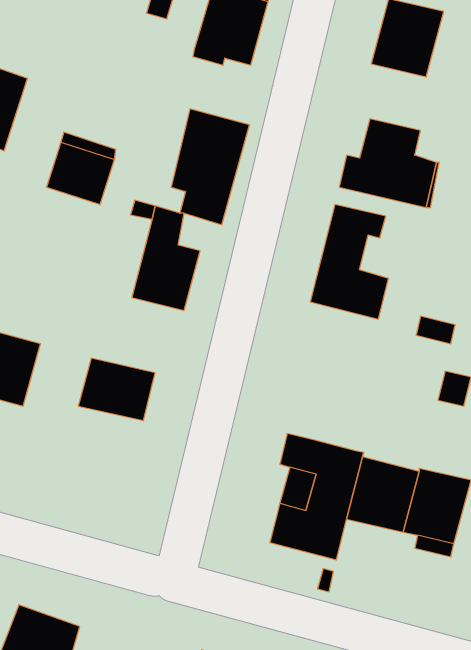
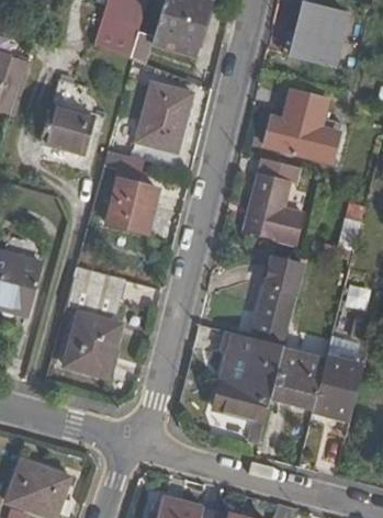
building: none -> [93,22,138,60]
building: none -> [248,257,298,342]
building: none -> [65,317,121,380]

